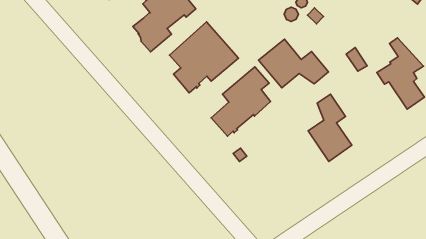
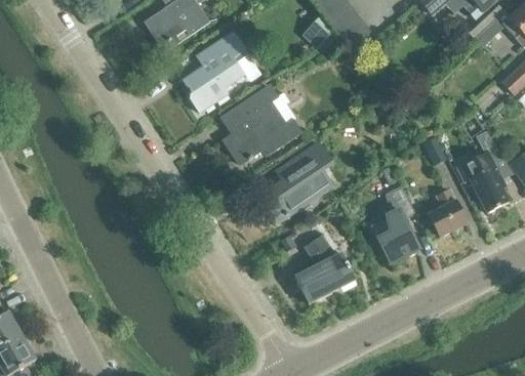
building: [259,39,328,88] -> none
building: none -> [428,187,468,236]
building: none -> [294,234,355,302]

